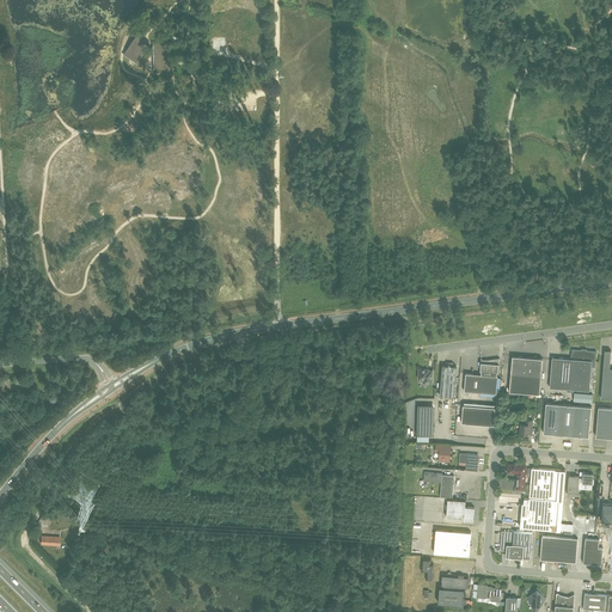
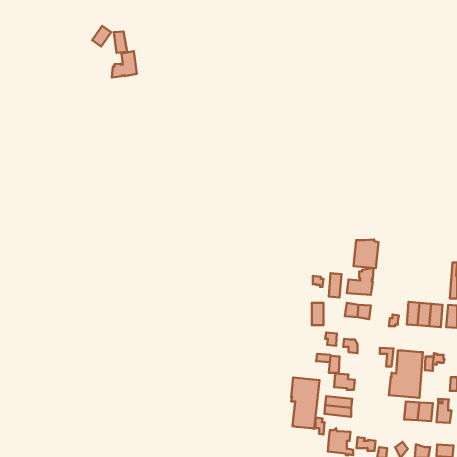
building: none -> [112,51,137,78]
building: [549,350,594,392] -> none
building: [508,356,541,394] -> [353,239,379,268]
building: none -> [291,377,319,429]
building: [500,532,531,559] -> none

